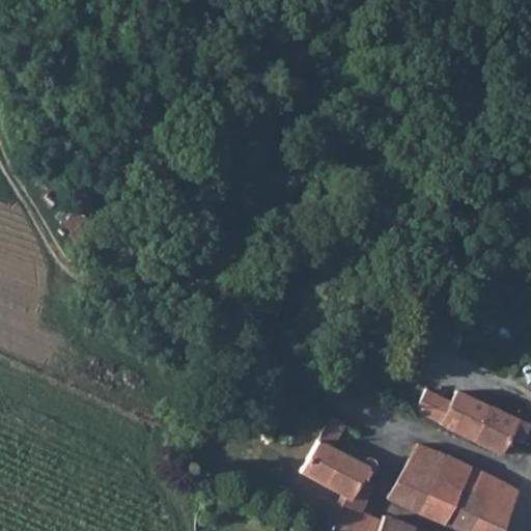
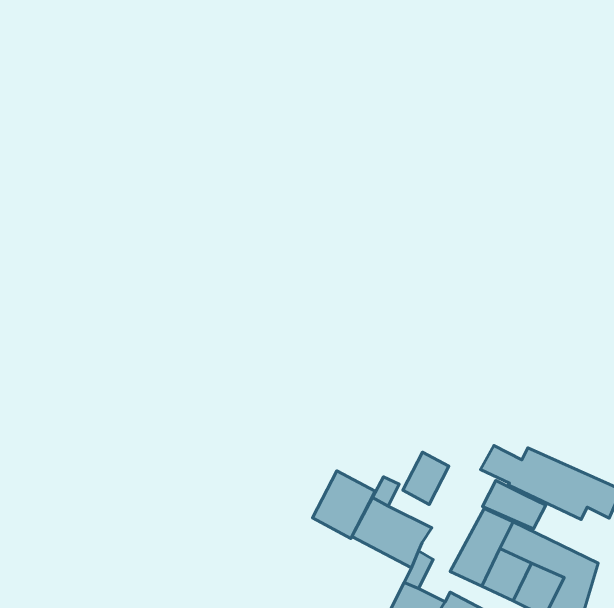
building: none -> [403,452,449,505]
building: none -> [313,471,375,538]
building: none -> [483,481,546,529]

